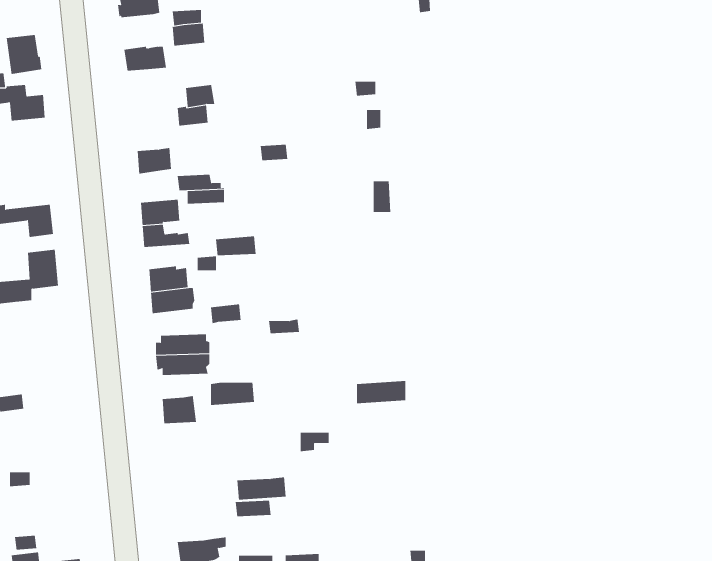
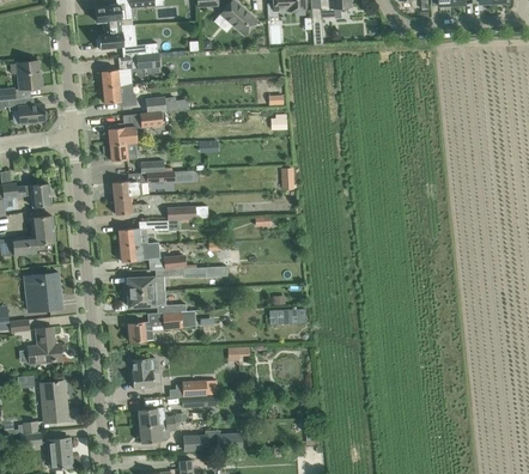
building: none -> [103,85,135,107]
building: none -> [107,122,136,145]
building: none -> [25,273,62,311]
building: none -> [28,327,61,364]
building: none -> [132,358,159,389]
building: none -> [39,381,67,421]
building: none -> [138,407,175,426]

